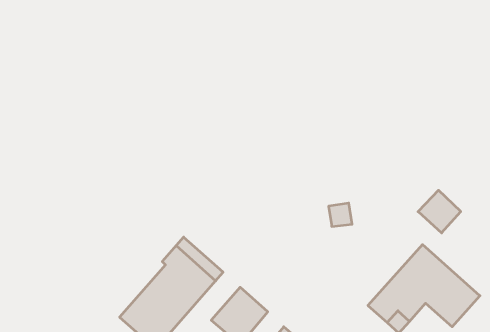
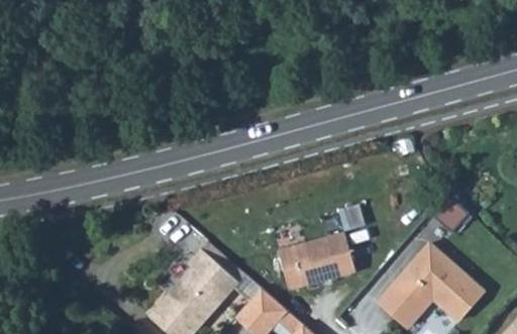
building: none -> [277,232,354,290]

